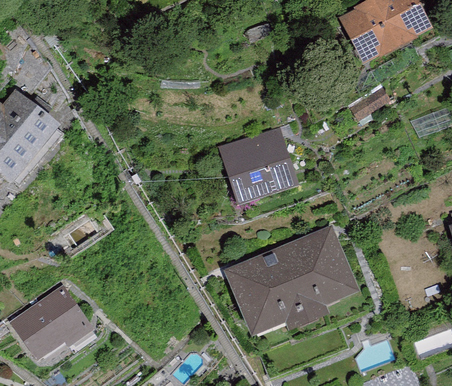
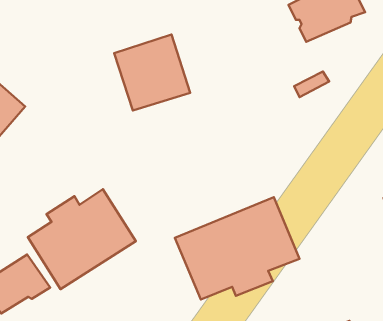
building: [217,125,299,207] -> [114,35,190,110]
building: none -> [28,189,136,289]

